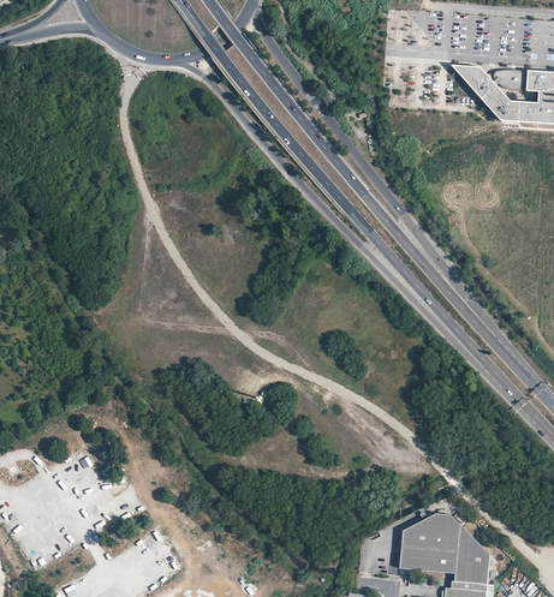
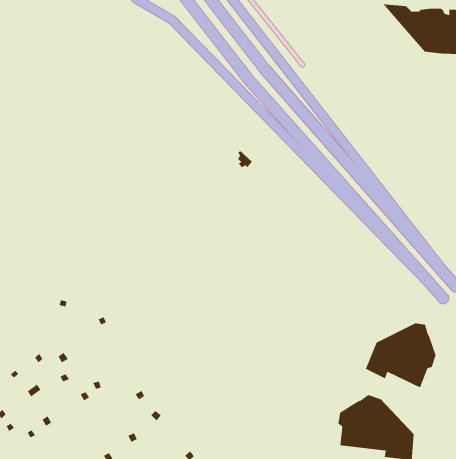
building: none -> [365,322,436,389]

